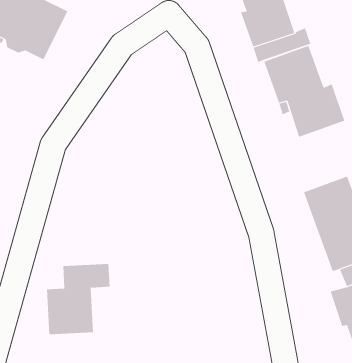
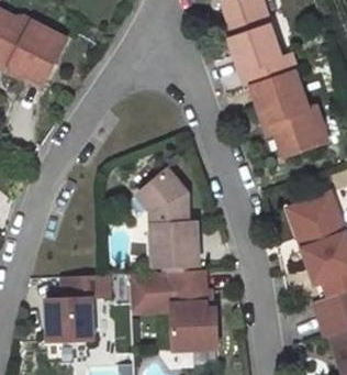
building: none -> [136,168,198,265]
building: none -> [128,269,216,349]

